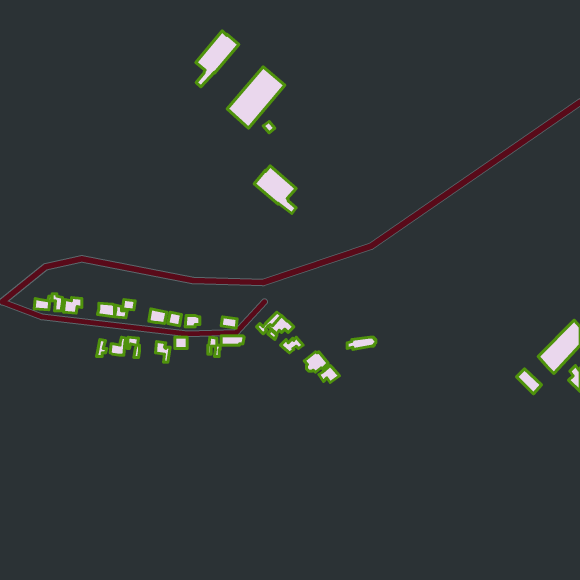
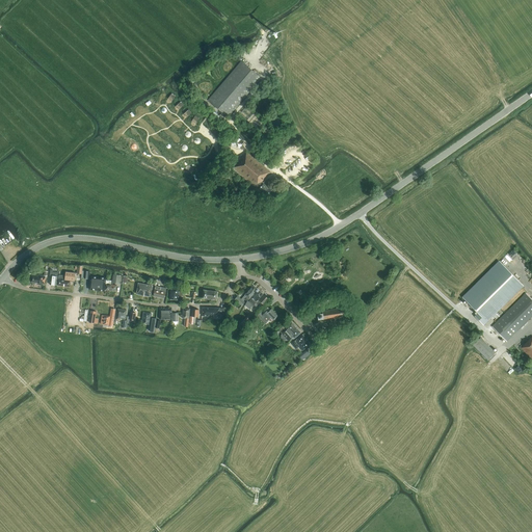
building: [196,31,239,87] -> none
building: none -> [463,262,523,324]

